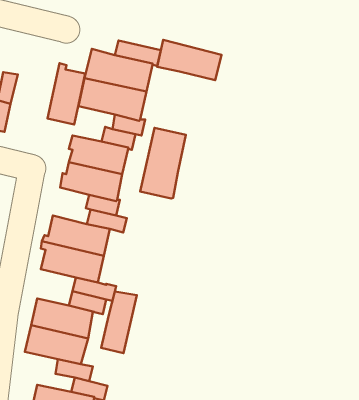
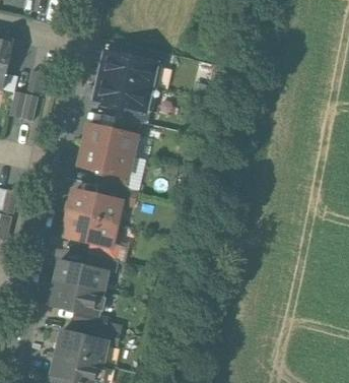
building: [157,40,221,80] -> none
building: [47,63,85,124] -> none
building: [140,128,186,198] -> none
building: [101,292,137,353] -> none

